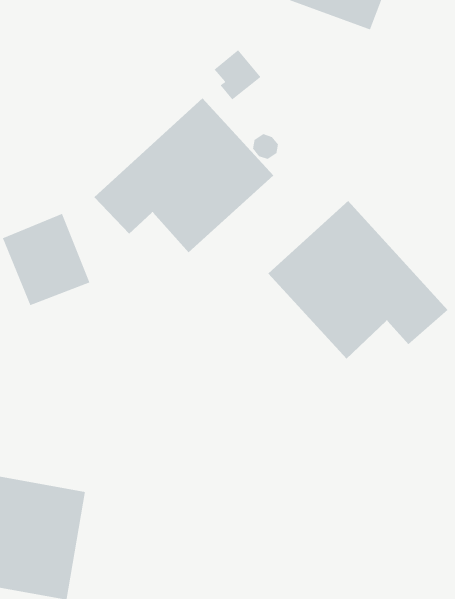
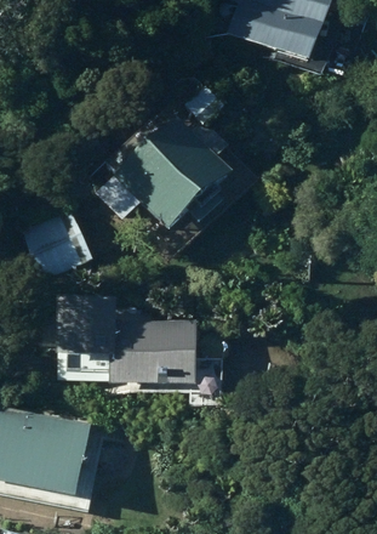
building: [267,200,449,359] -> none
building: none -> [56,303,198,388]

